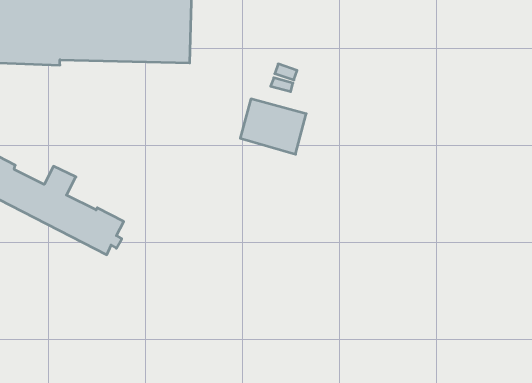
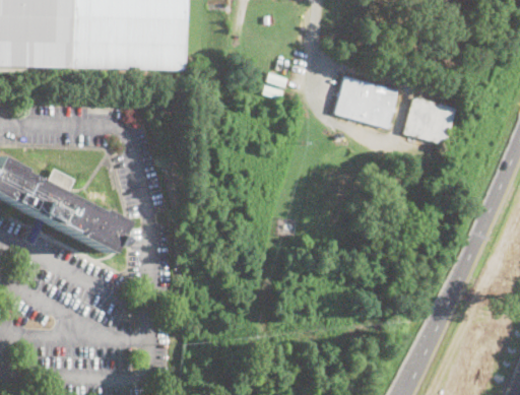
building: none -> [405,96,457,145]
building: [240,99,306,154] -> [336,75,399,128]

